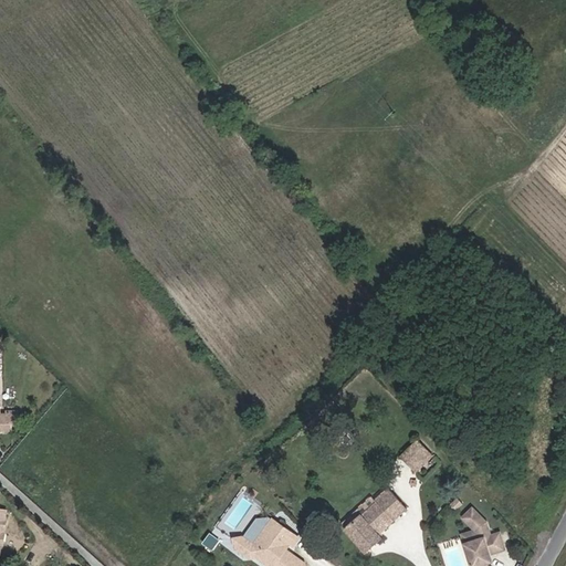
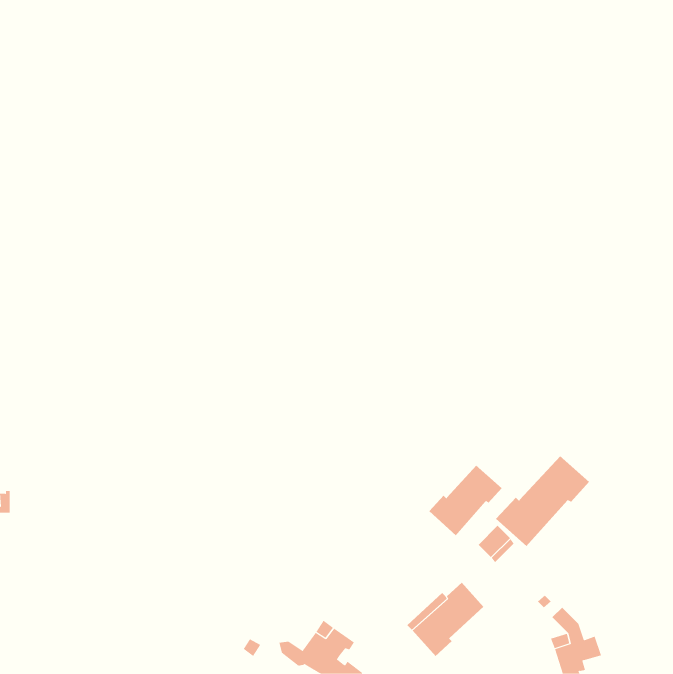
building: none -> [495,456,590,547]
building: none -> [428,465,502,536]

